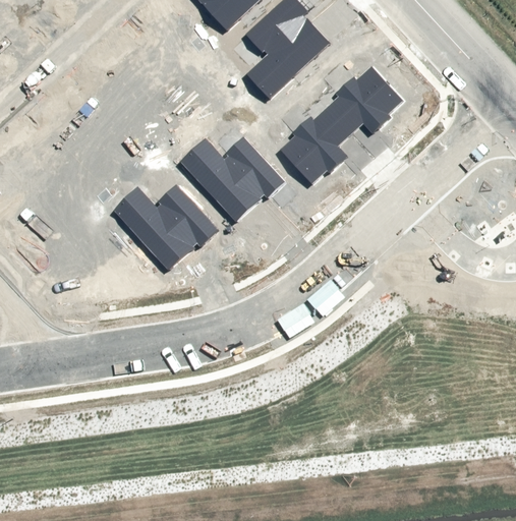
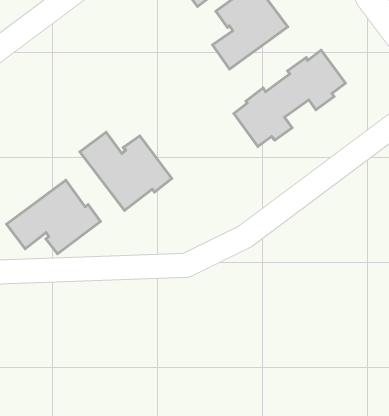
building: [180,135,285,220] -> none
building: none -> [6,180,101,254]

